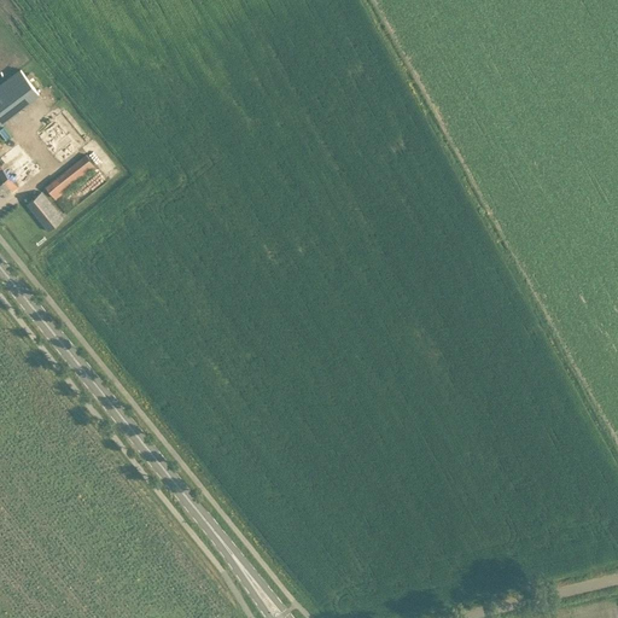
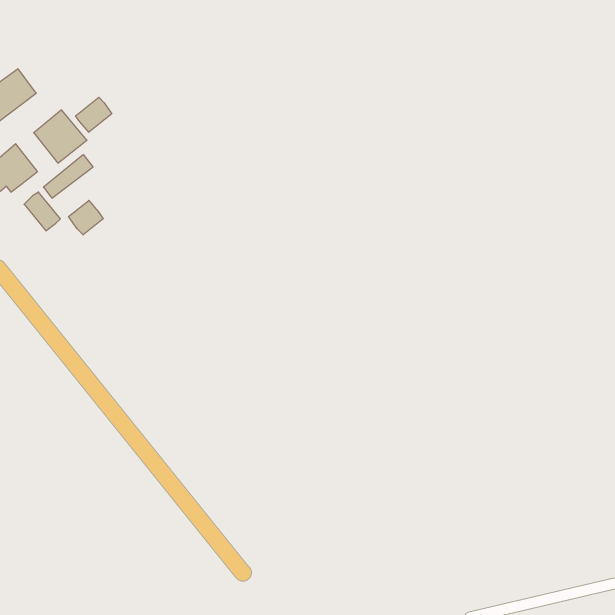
building: none -> [76,97,112,132]
building: none -> [69,200,103,235]

